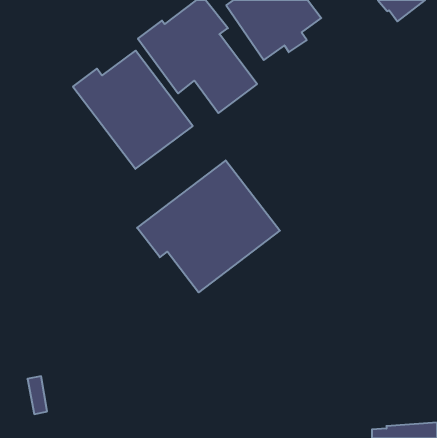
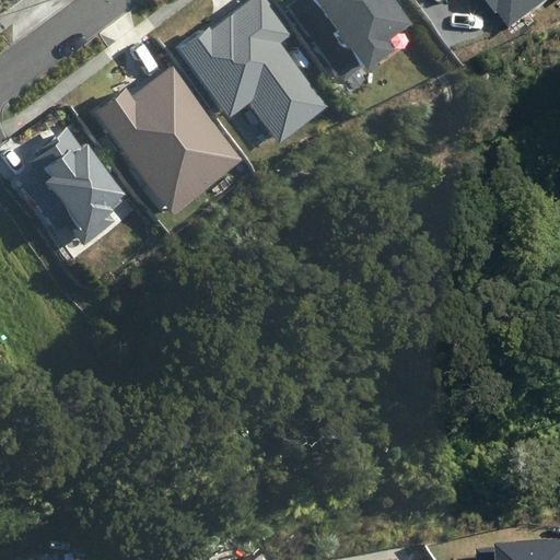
building: none -> [27,125,126,242]
building: [137,160,280,292] -> none

